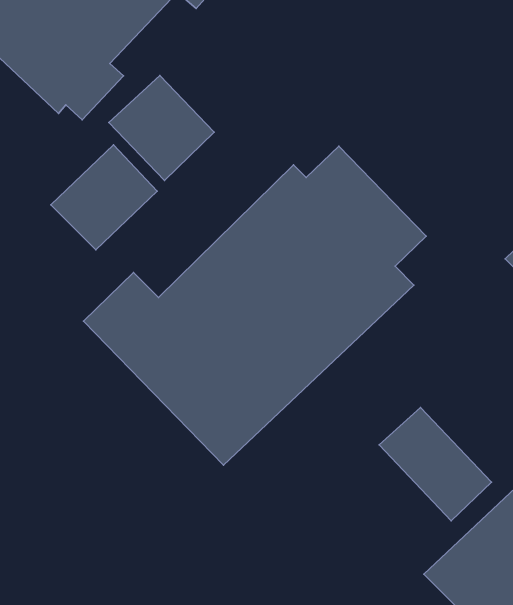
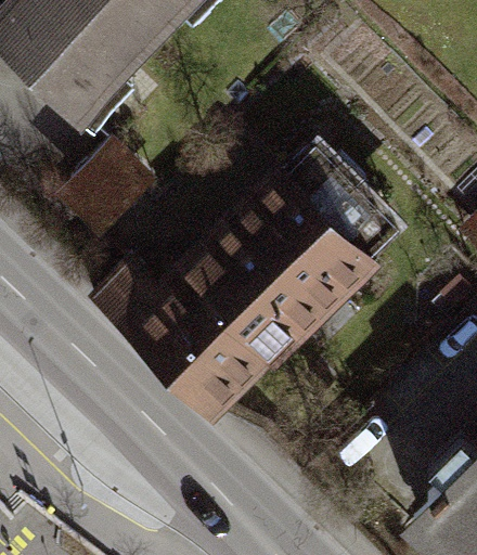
building: [109,75,214,180] -> none
building: [379,407,491,521] -> none

